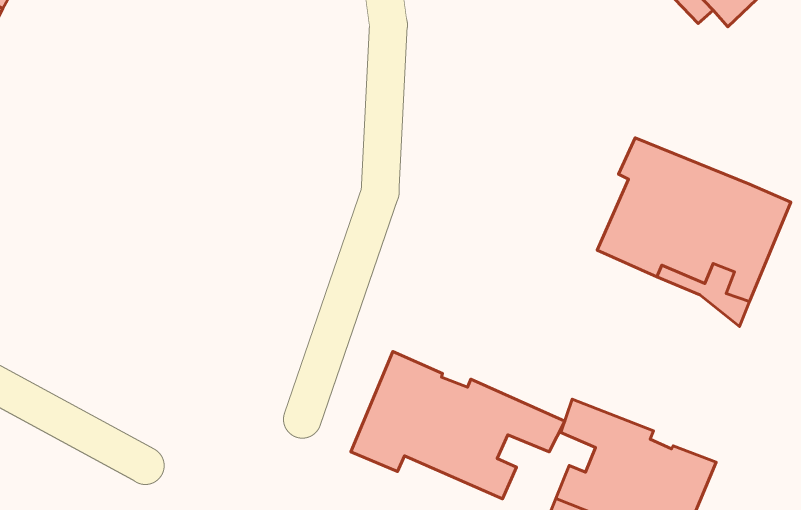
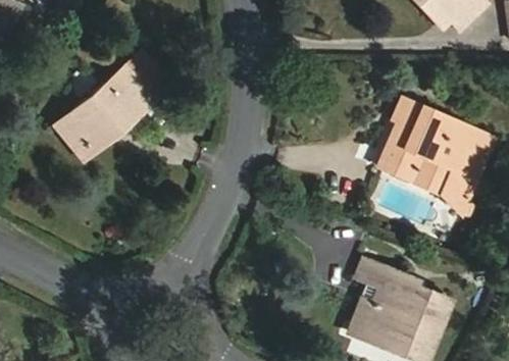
building: none -> [53,52,170,160]
building: [351,351,565,499] -> none

